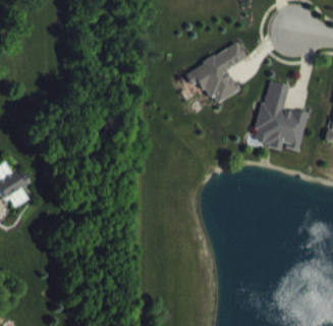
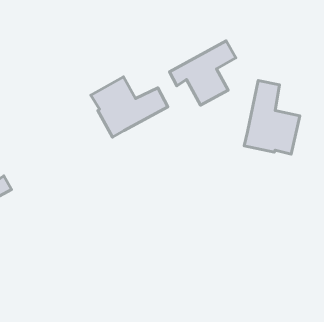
building: none -> [91,77,168,137]

